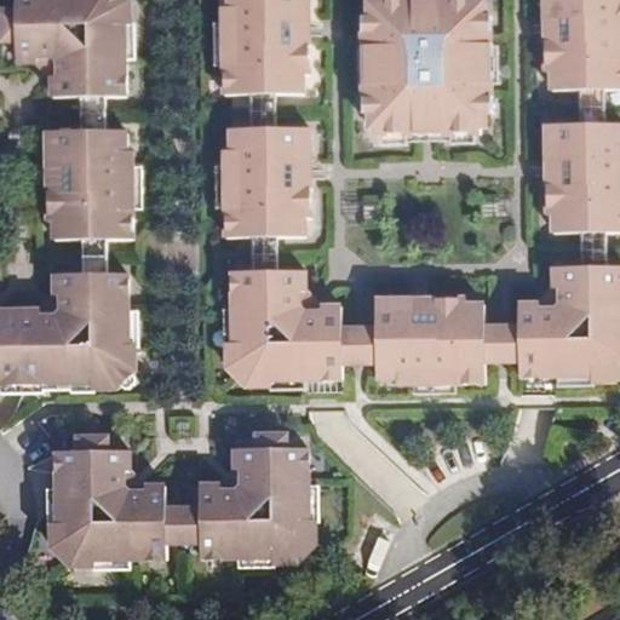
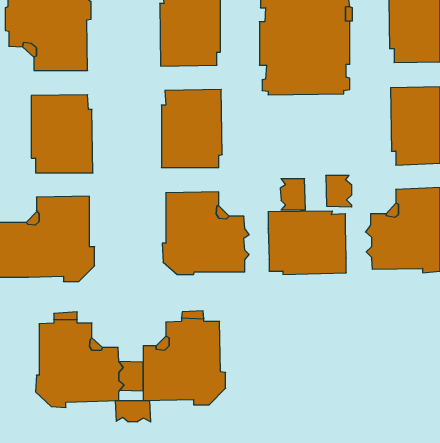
building: [482,317,518,361] -> [326,176,352,207]
building: [340,318,375,362] -> [280,179,305,210]
building: none -> [115,401,151,422]

